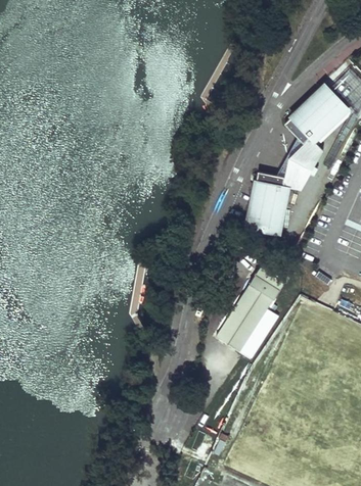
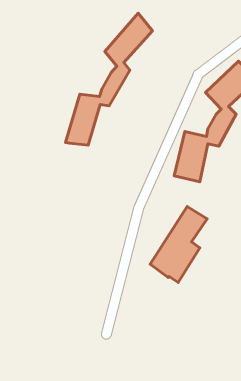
building: none -> [66,13,153,145]

